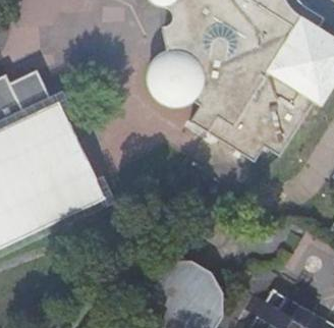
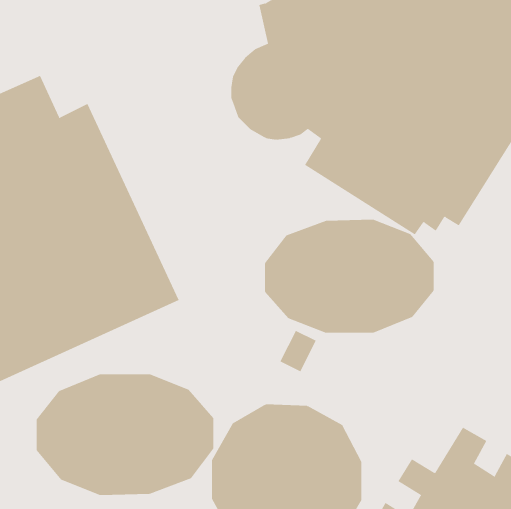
building: none -> [265,219,434,333]
building: none -> [36,374,214,496]

